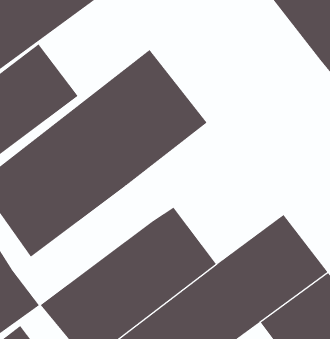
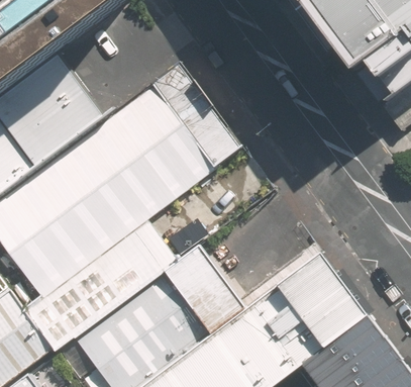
building: none -> [23,217,177,349]

